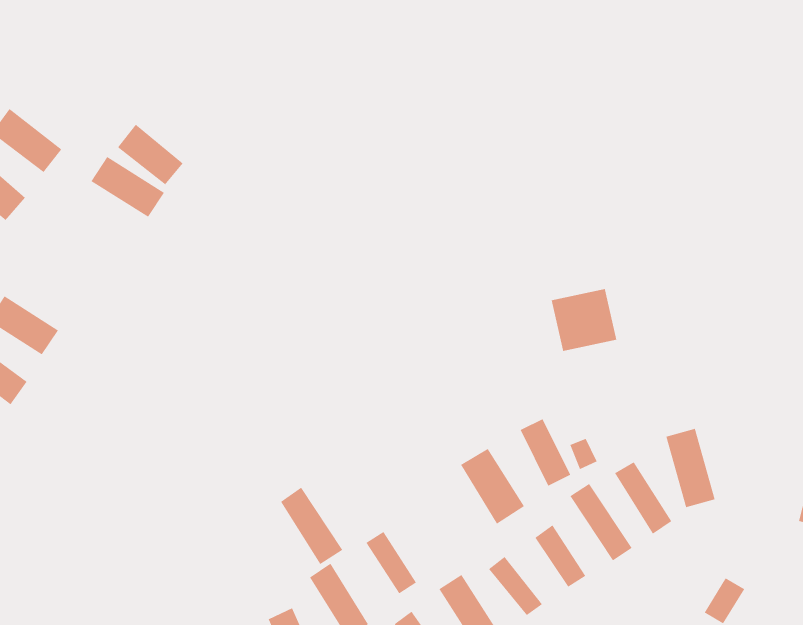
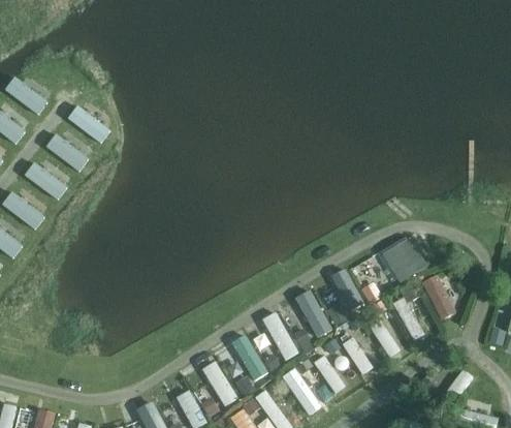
building: [117,124,184,185] -> [44,132,86,171]
building: none -> [23,161,65,200]
building: [551,289,617,352] -> [380,240,421,279]
building: [280,487,343,565] -> [260,310,299,359]

